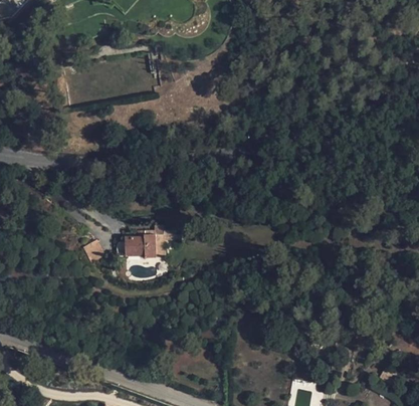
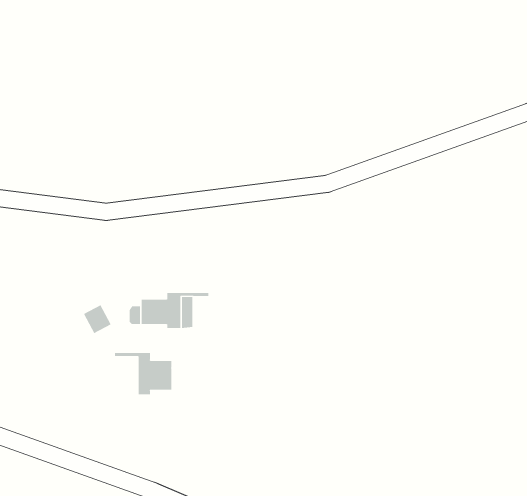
building: none -> [114,352,172,395]

